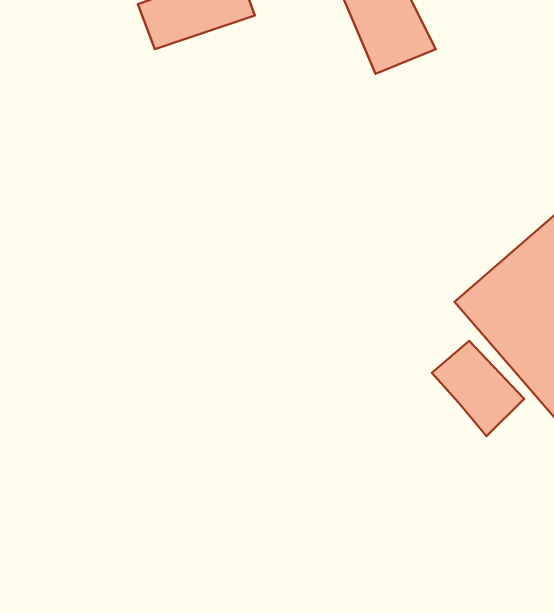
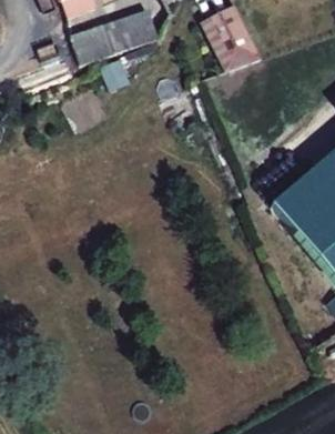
building: [432,341,524,436] -> none

